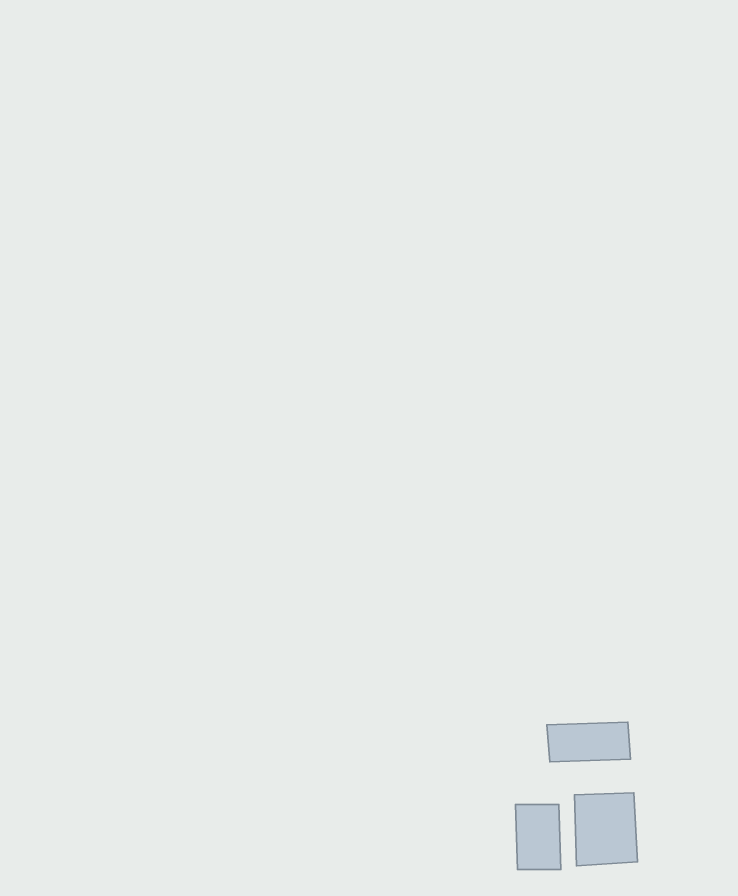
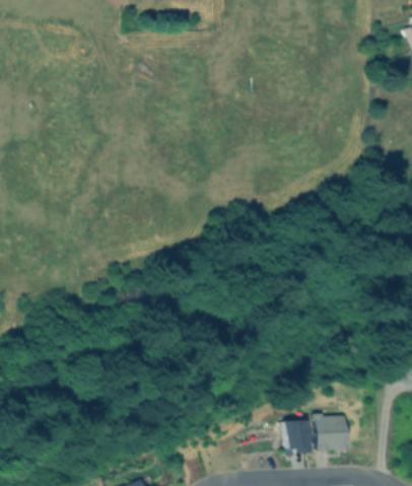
building: [547,722,631,762] -> none

